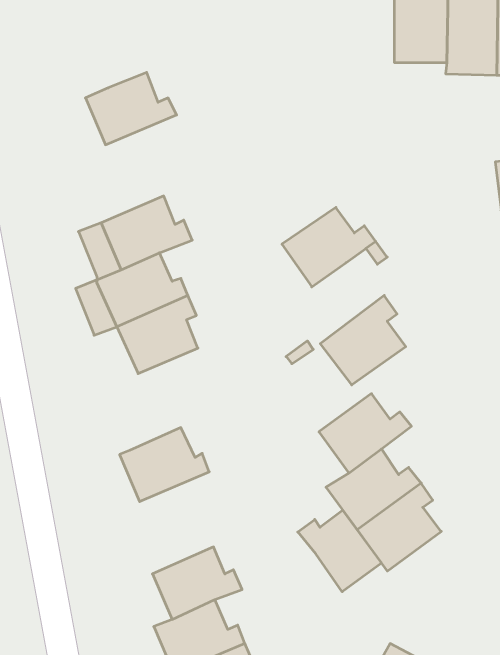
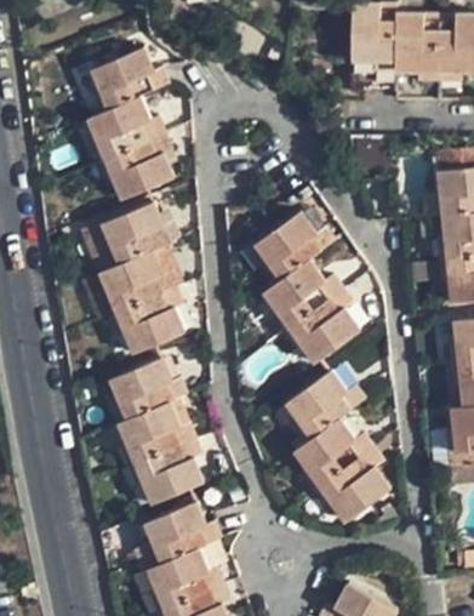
building: none -> [90,47,169,109]
building: none -> [104,132,173,200]
building: none -> [263,258,342,327]
building: none -> [109,358,185,418]
building: none -> [133,437,202,502]
building: [298,510,381,592] -> none

